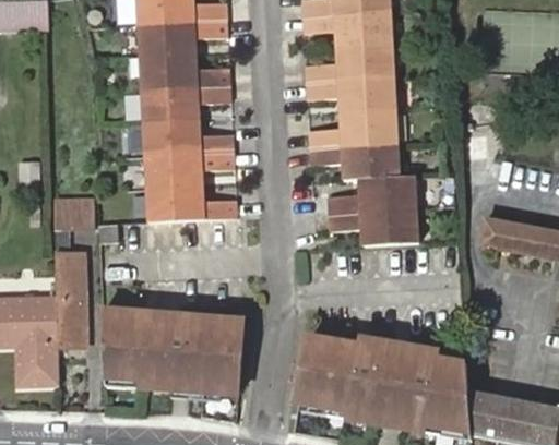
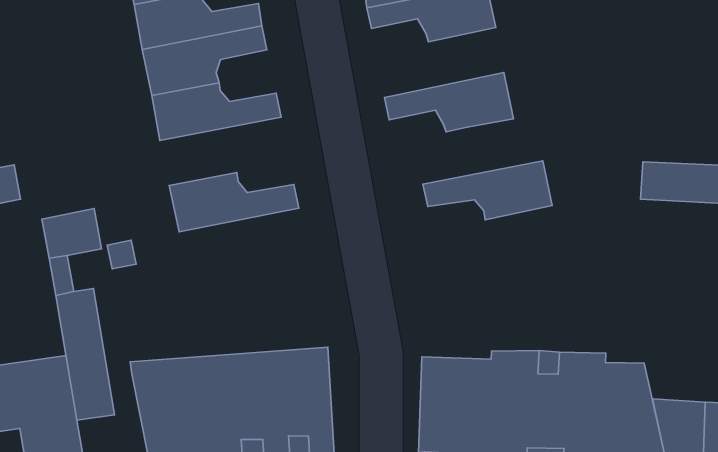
building: [309,109,396,147] -> none
building: [145,151,234,188] -> none
building: [328,176,415,213] -> none

